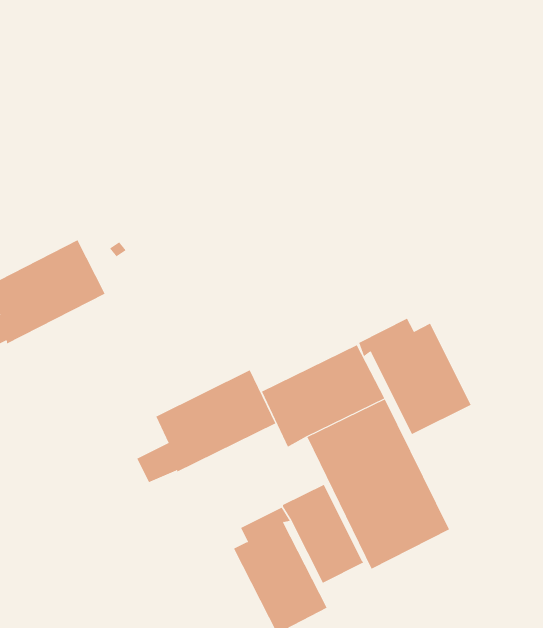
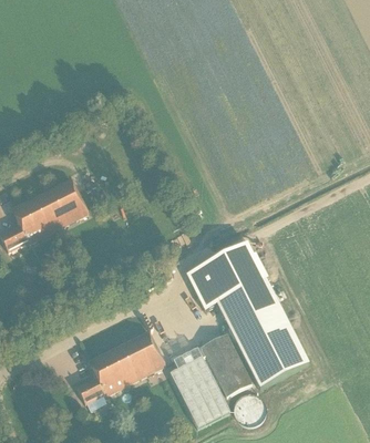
building: [358,318,472,435] -> none
building: [136,369,276,483] -> [76,330,165,402]

